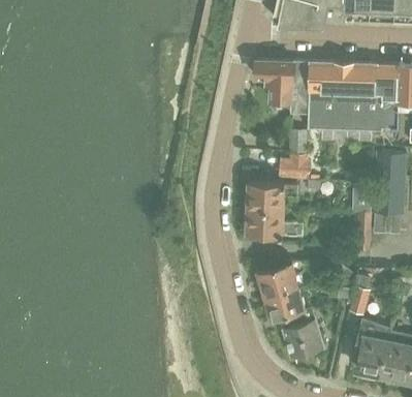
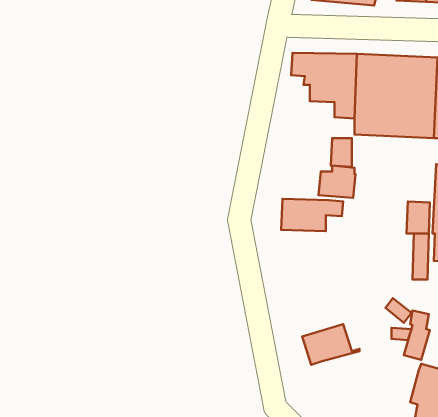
building: [246,209,304,237] -> none
building: [257,264,298,298] -> none
building: [281,310,323,358] -> none

